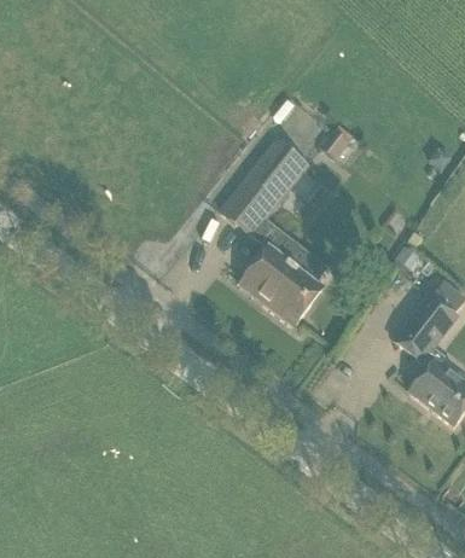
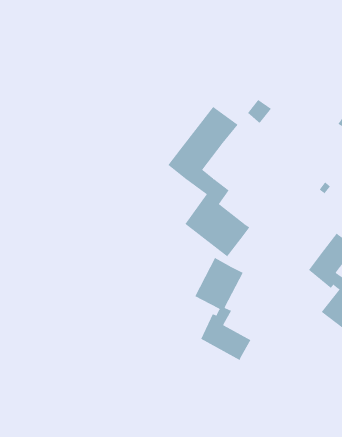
building: none -> [195,257,251,361]

